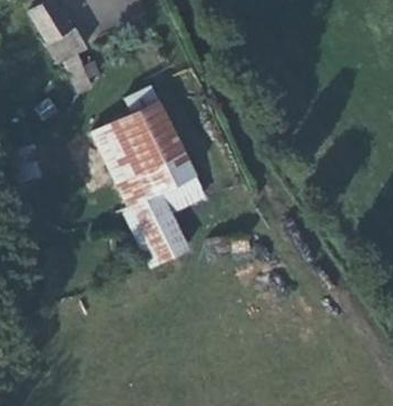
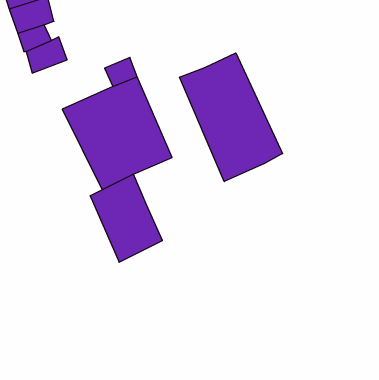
building: none -> [180,53,283,182]
building: [160,179,208,224] -> none

